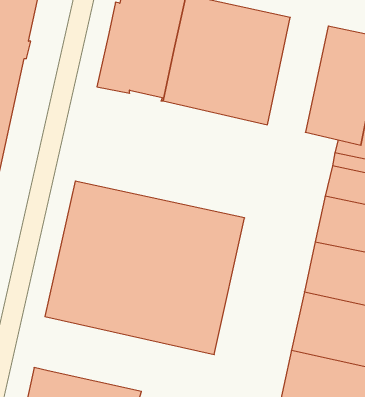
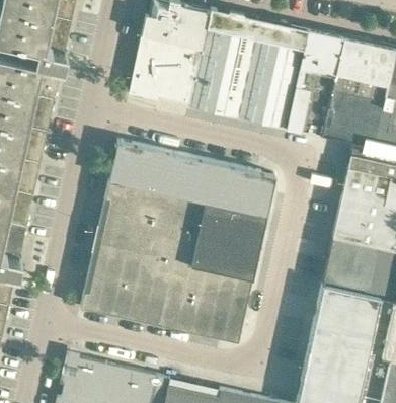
building: none -> [287,29,343,137]
building: none -> [107,142,274,217]

